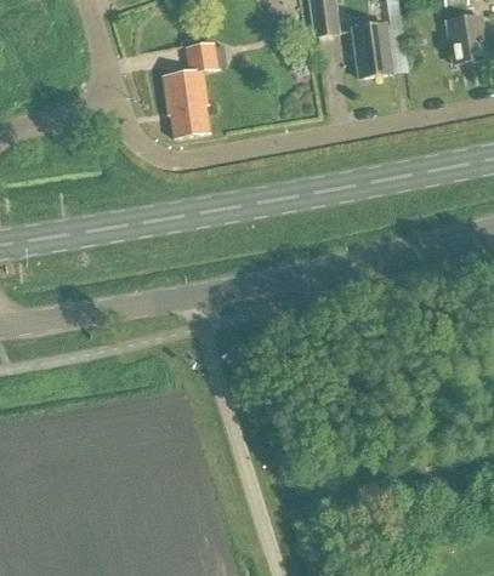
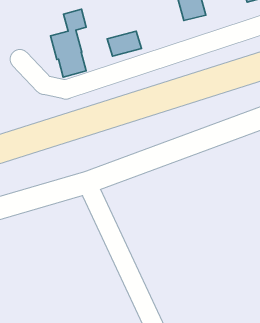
building: none -> [107,31,141,56]

